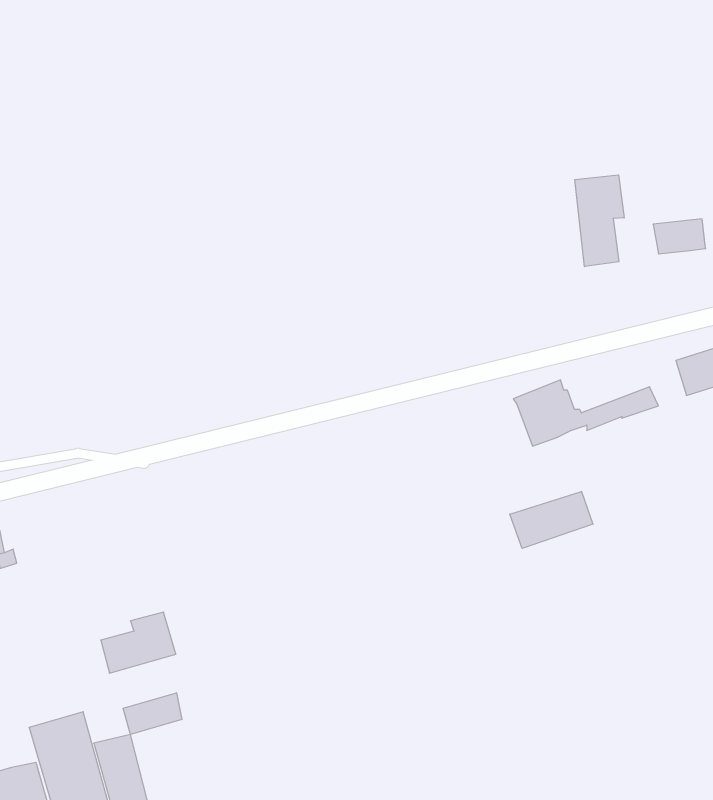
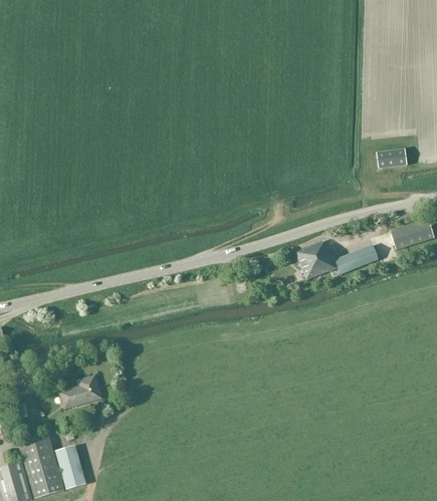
building: [575,175,624,267] -> none
building: [510,491,593,548] -> none
building: [123,693,182,734] -> none

